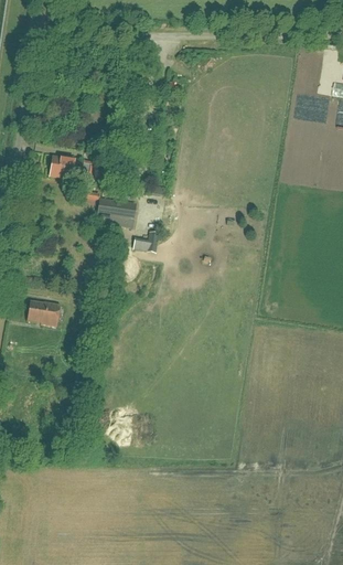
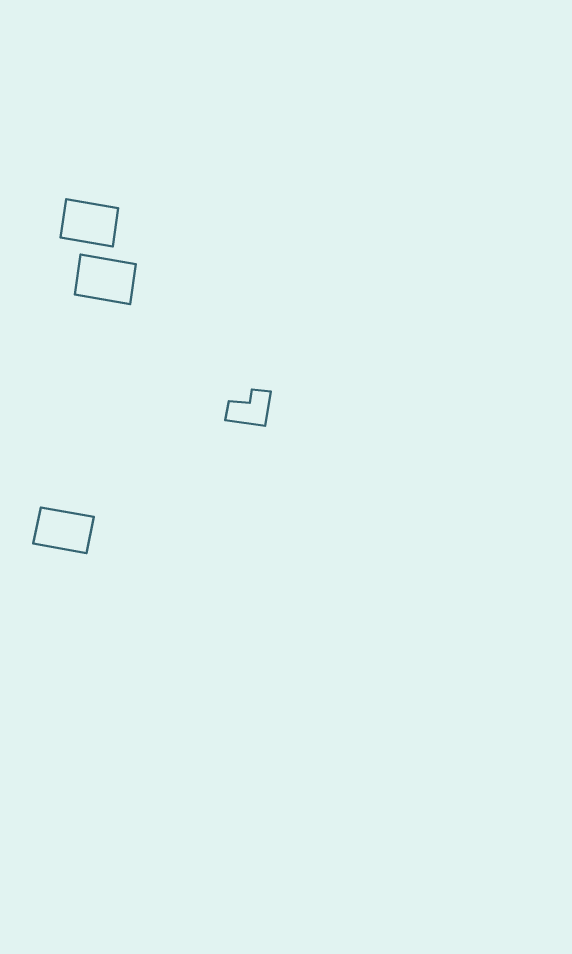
building: none -> [61,199,118,246]
building: [97,198,137,226] -> none

